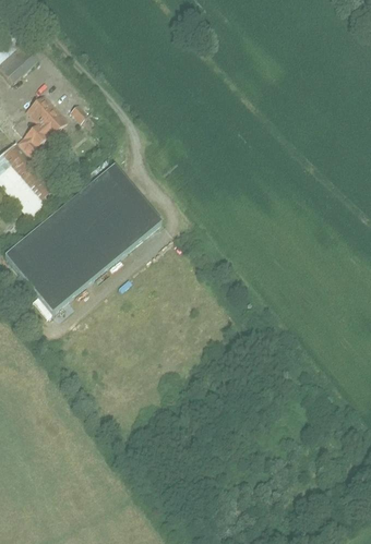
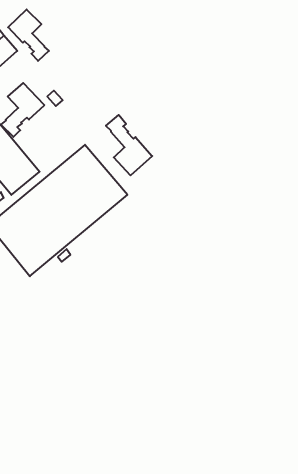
building: none -> [8,9,49,61]
building: none -> [106,115,152,175]

